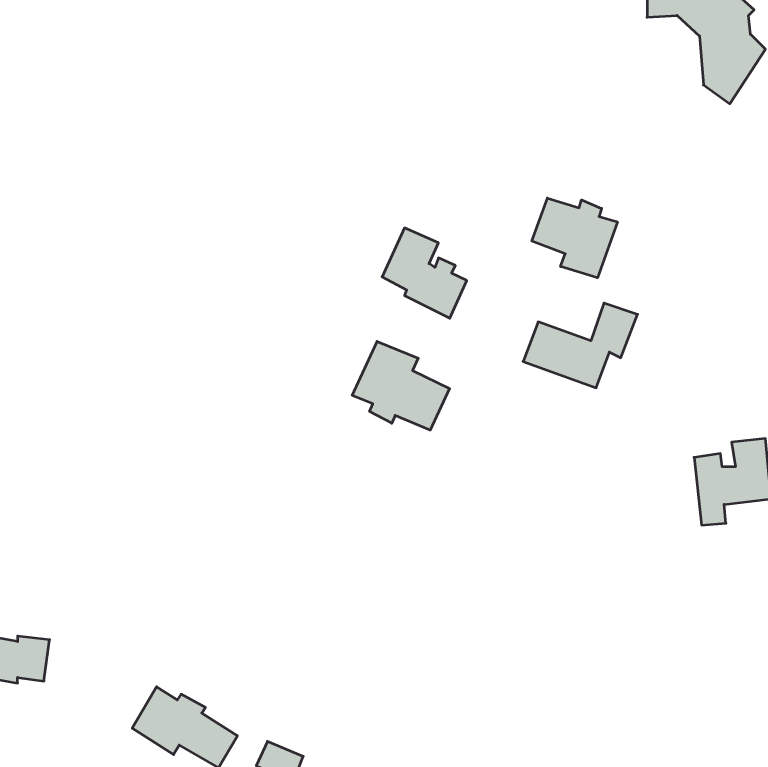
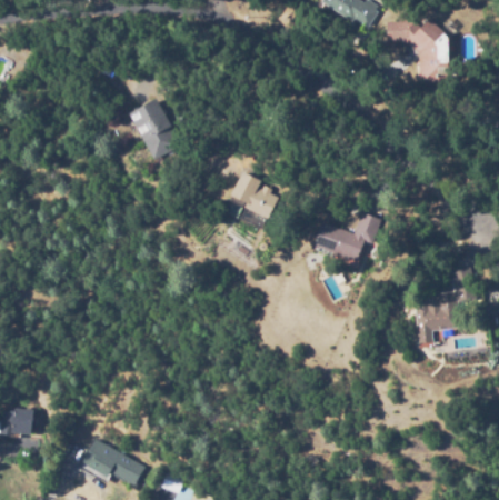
building: none -> [129,100,176,161]
building: [532,198,617,278] -> none
building: [352,341,450,430] -> none

